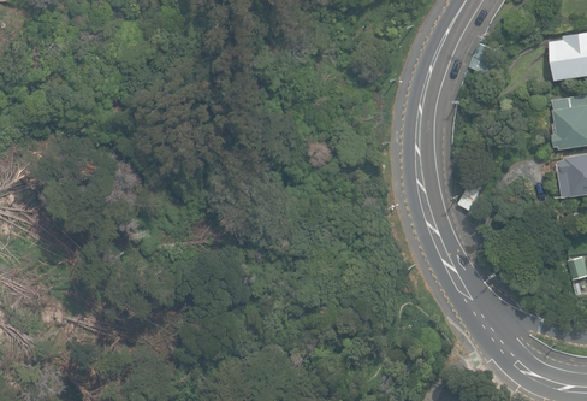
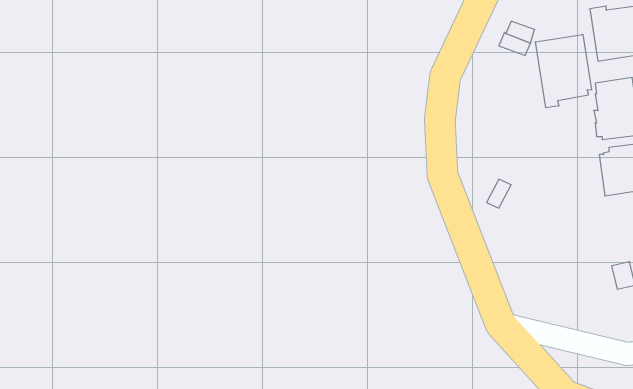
building: none -> [536,34,592,108]

